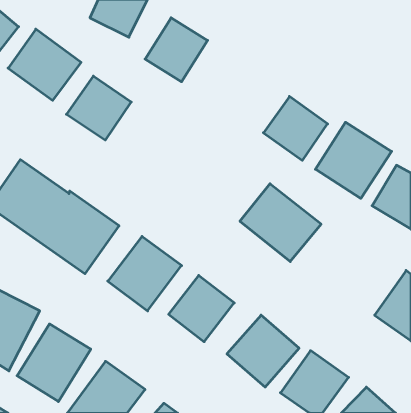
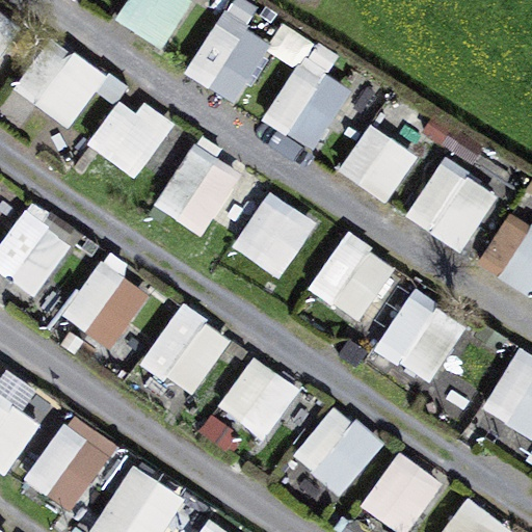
building: none -> [265,38,348,149]
building: none -> [152,142,242,236]
building: none -> [231,191,316,280]
building: none -> [374,293,467,384]

